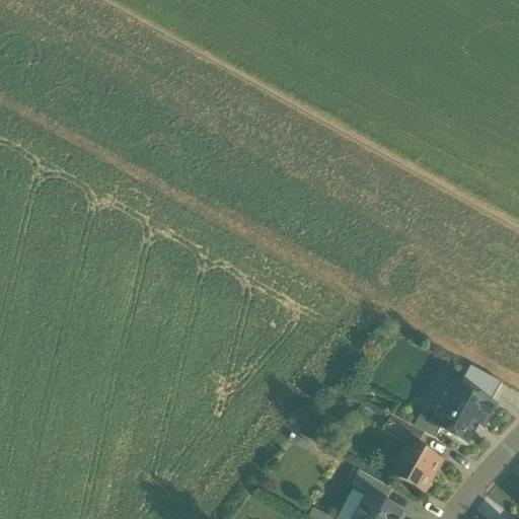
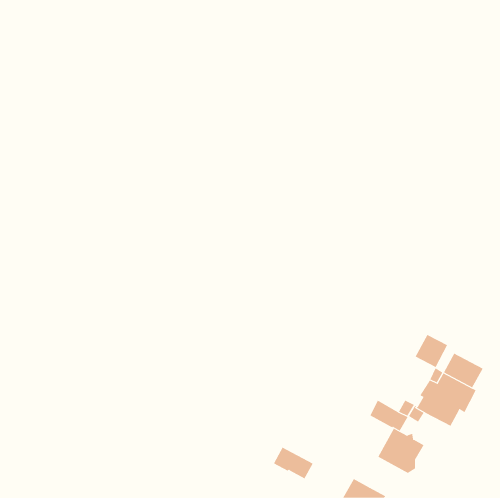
building: none -> [415,334,448,368]
building: [350,470,391,504] -> [273,447,313,479]

